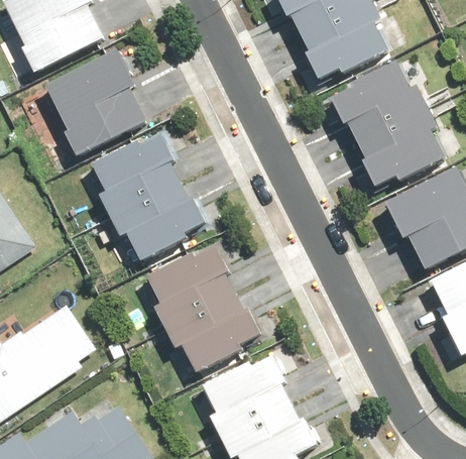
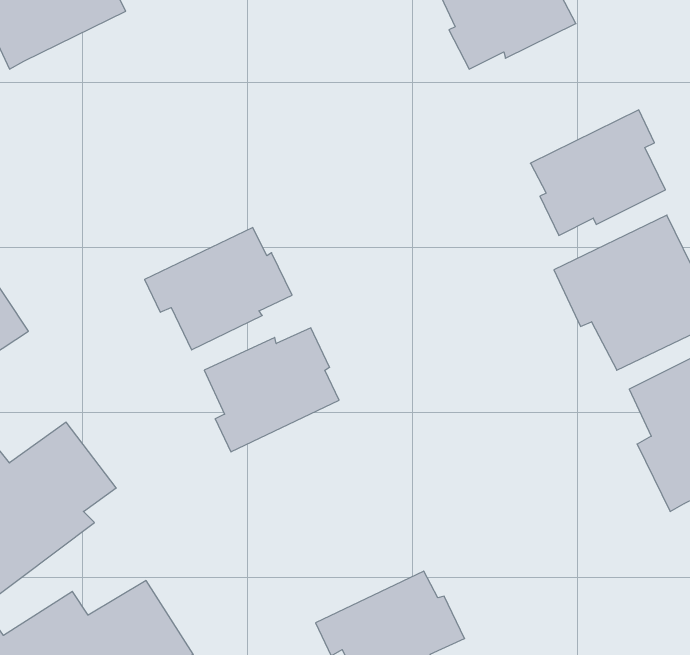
building: [35,56,140,164] -> none
building: [333,61,429,139] -> none
building: [94,134,181,214] -> none
building: [166,292,261,369] -> none
building: [205,354,290,435] -> none

